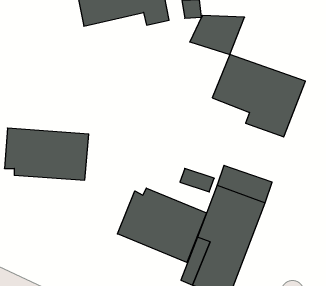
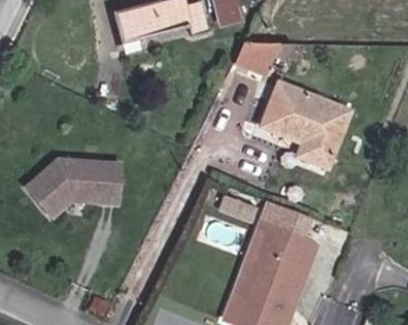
building: [117,188,207,262] -> none

